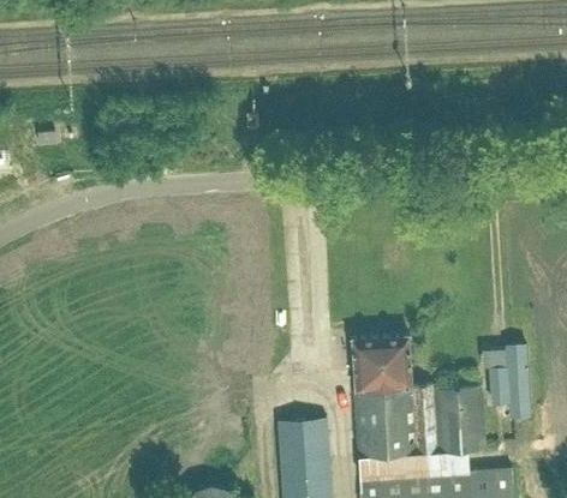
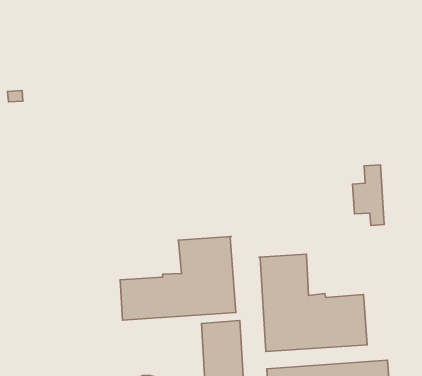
building: none -> [120,236,236,320]
building: [489,338,529,414] -> [352,165,384,226]

